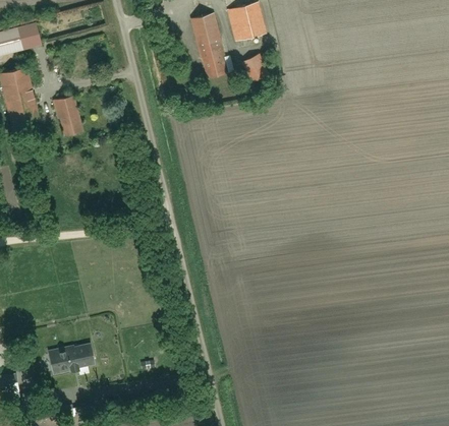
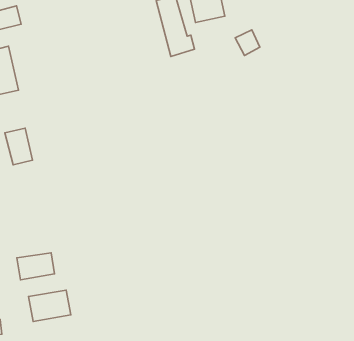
building: [240,54,268,82] -> [235,30,260,55]
building: [52,96,82,136] -> [5,128,32,165]
building: none -> [17,253,55,280]

